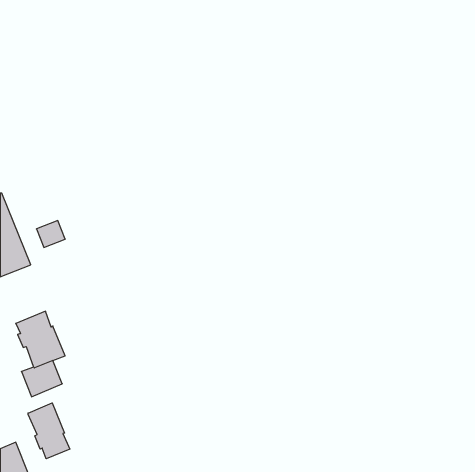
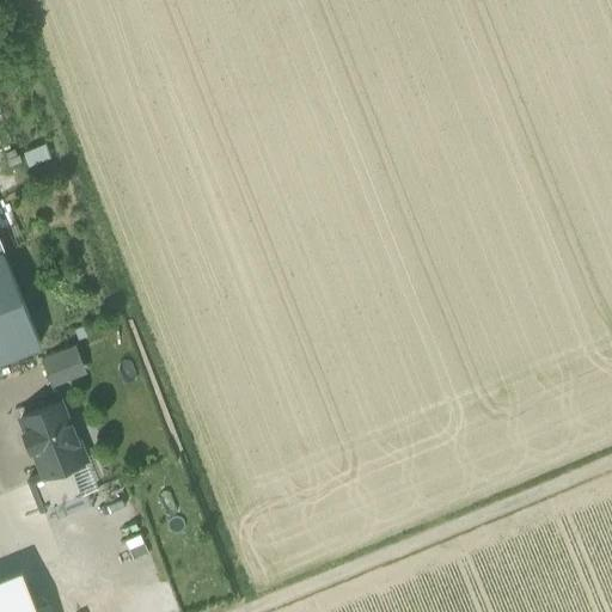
building: [36,221,65,247] -> [42,351,79,386]
building: [28,403,70,459] -> none

